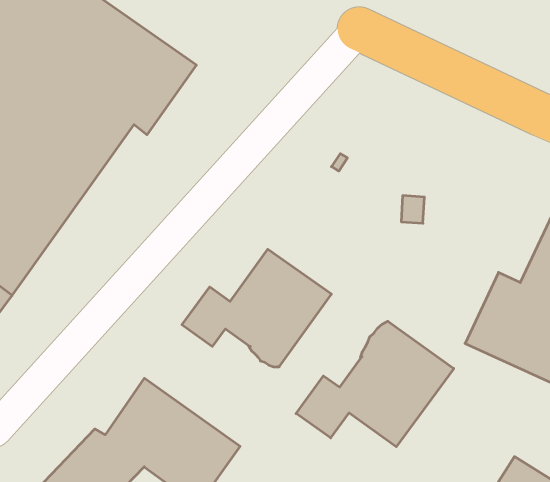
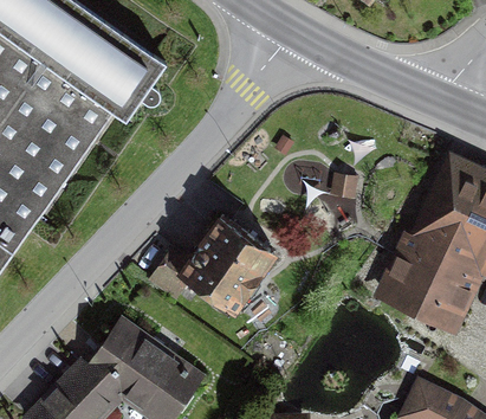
building: [296,321,454,447] -> none

